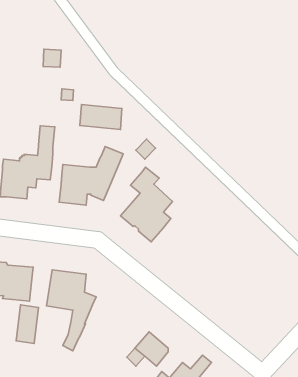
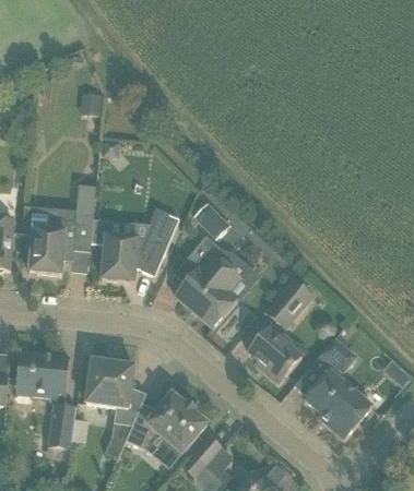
building: [80,105,122,130] -> none
building: none -> [264,278,312,327]
building: none -> [247,324,301,383]
building: none -> [304,338,371,439]
building: none -> [126,394,206,454]

